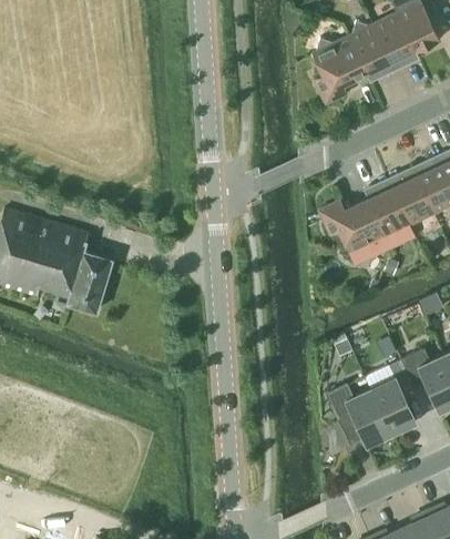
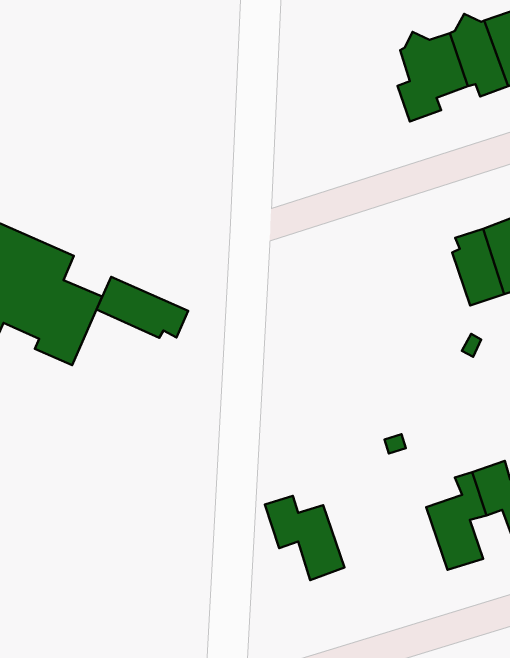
building: [319,199,386,256] -> none
building: none -> [97,277,188,338]
building: [327,385,391,446] -> [265,496,345,580]

